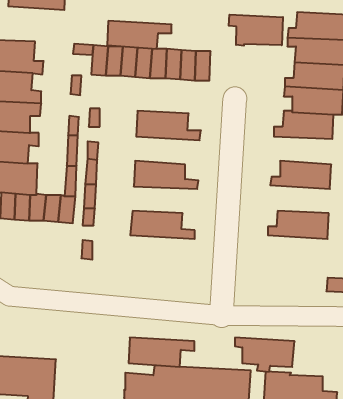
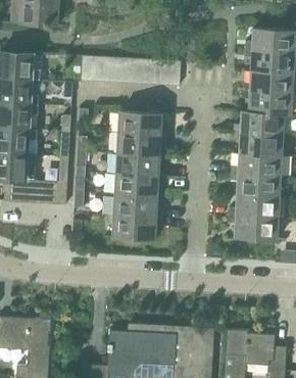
building: [229,15,283,46] -> none
building: [107,21,172,49] -> [117,133,171,156]
building: none -> [233,133,283,156]
building: none -> [231,174,281,197]
building: none -> [115,175,169,197]
building: [129,338,194,367] -> [112,216,167,240]
building: [235,338,295,372] -> [229,216,279,244]

